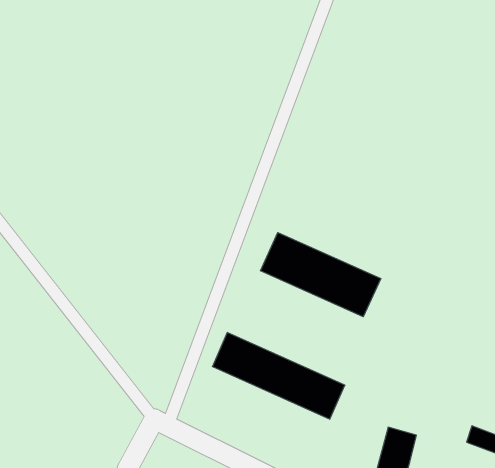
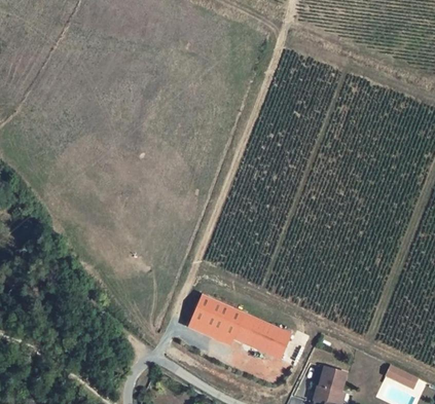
building: [260,233,381,317] -> none

